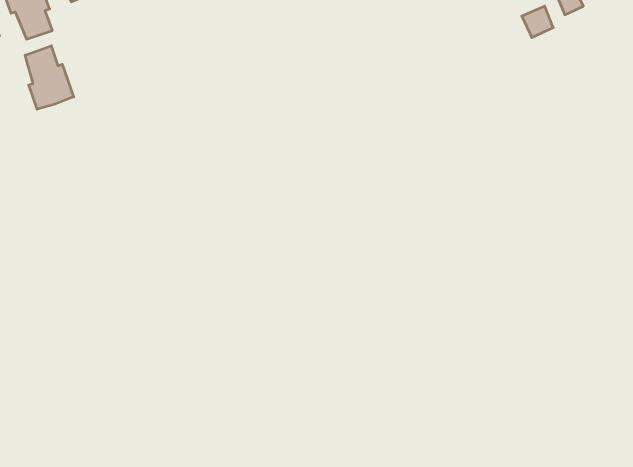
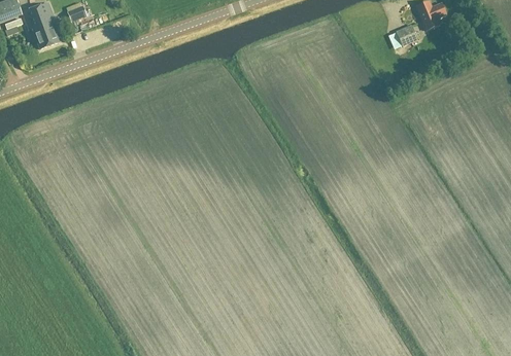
building: [25,46,74,109] -> none

